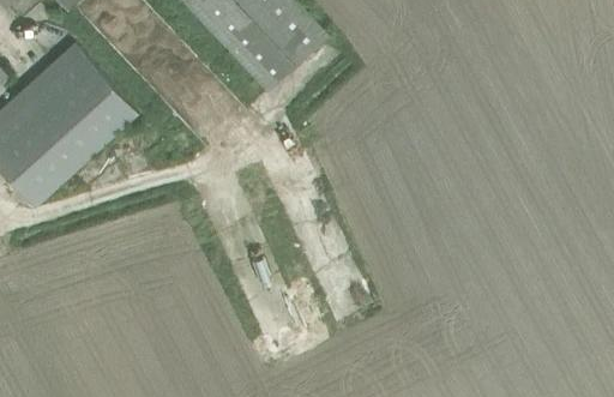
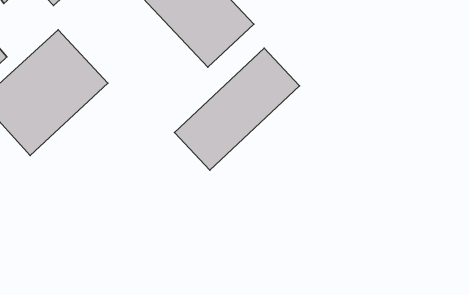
building: none -> [174,48,300,170]

